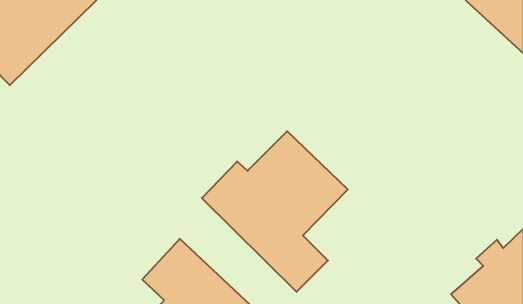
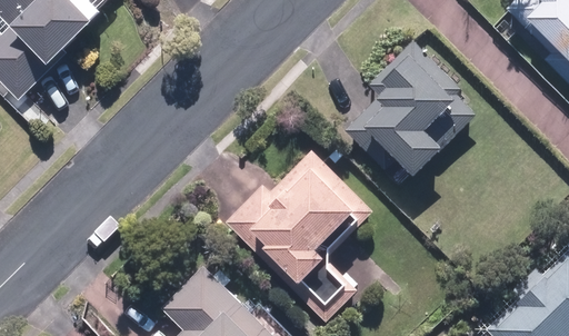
building: none -> [349,39,480,177]

